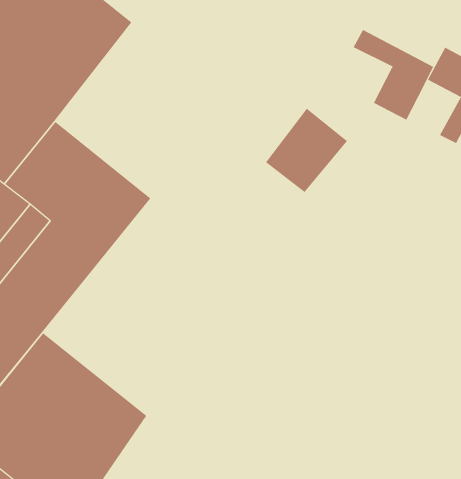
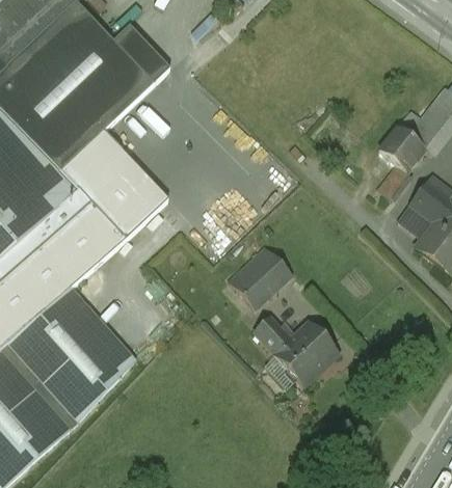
building: [353,29,434,120] -> none
building: [265,108,348,193] -> [228,246,290,307]
building: none -> [250,316,337,384]

